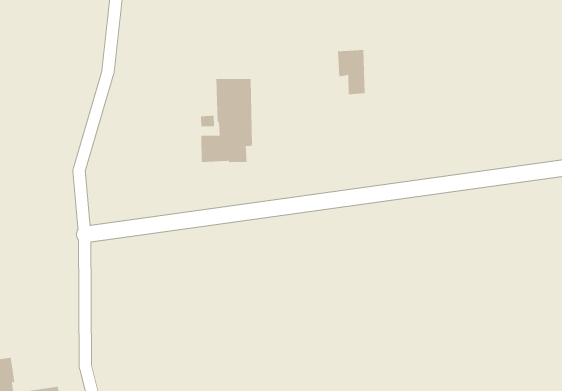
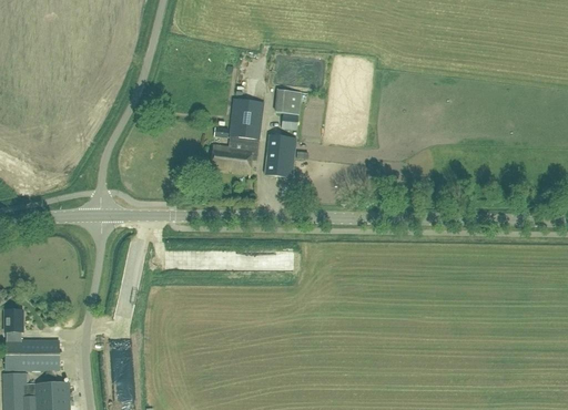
building: [337,50,366,95] -> [275,90,301,130]
building: none -> [264,134,296,177]

